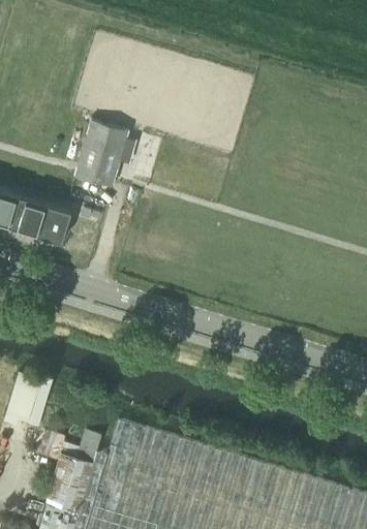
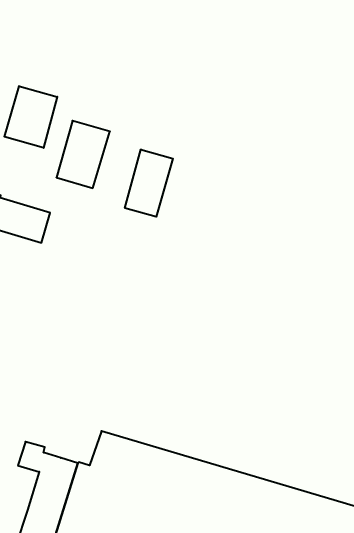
building: none -> [4,86,57,148]
building: none -> [125,149,173,217]

